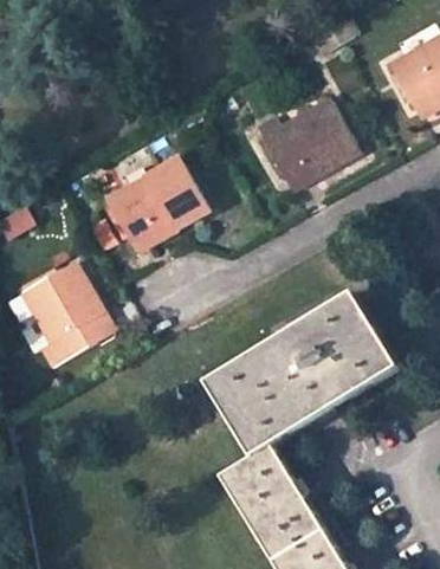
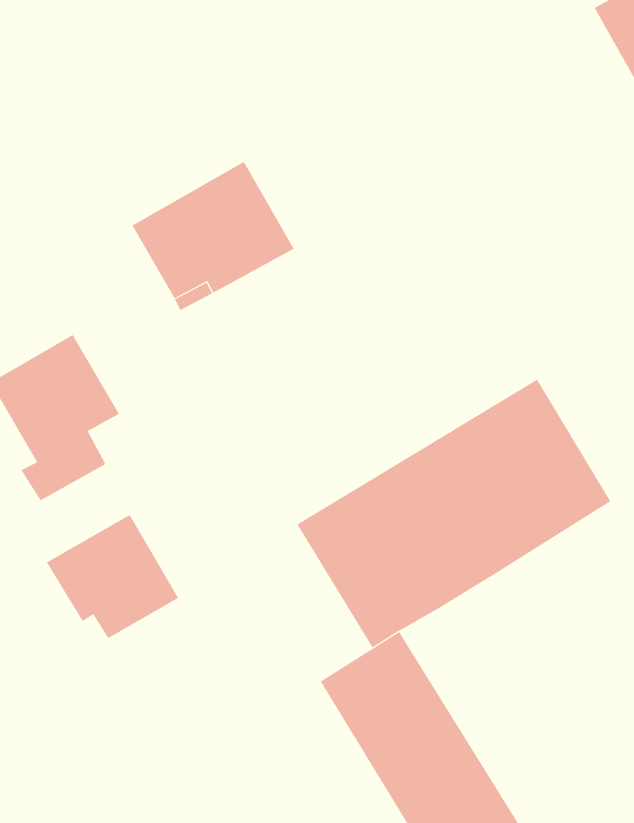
building: [253,99,357,185] -> none
building: none -> [46,514,179,639]

